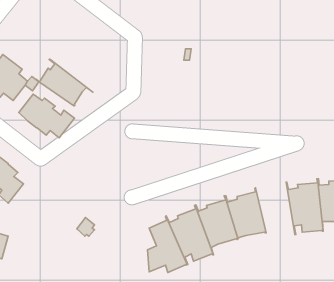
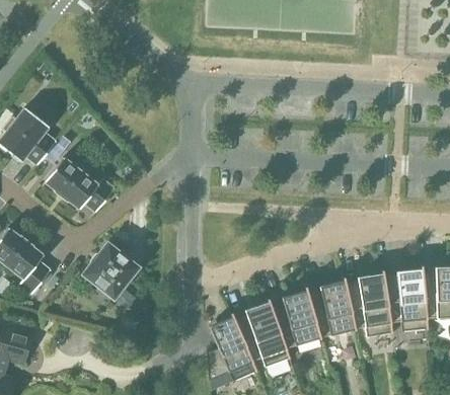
building: [36,59,93,106] -> none
building: none -> [81,242,139,300]
building: none -> [343,268,392,337]

